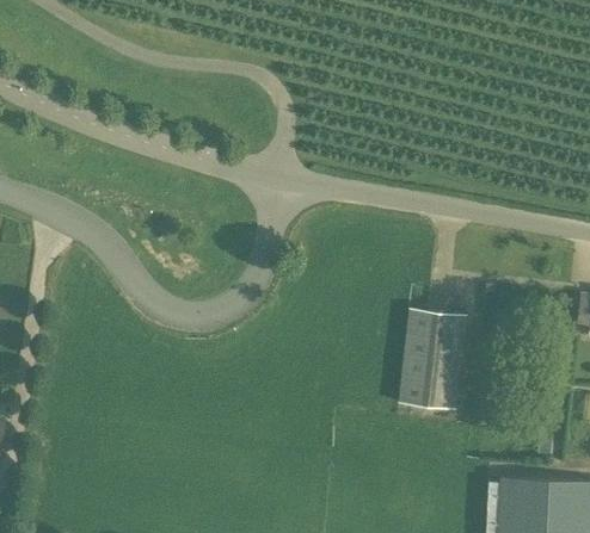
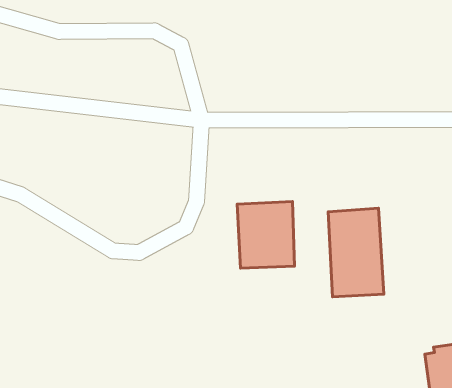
building: none -> [237,201,294,268]

